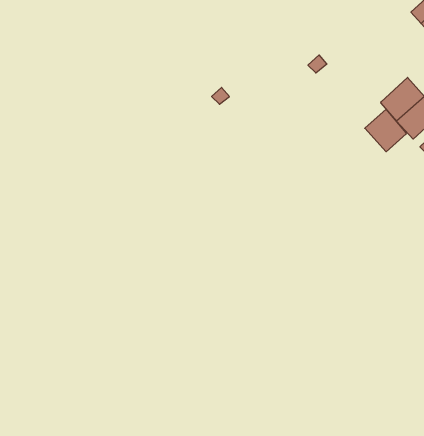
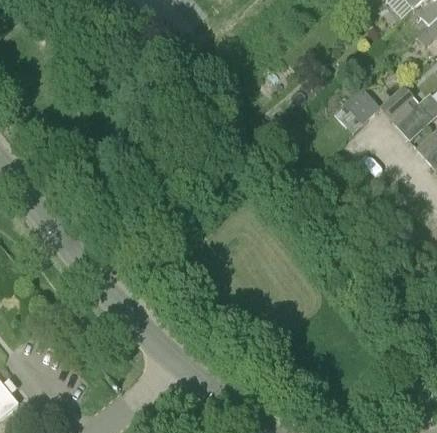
building: [365,109,406,152] -> [343,86,380,124]

